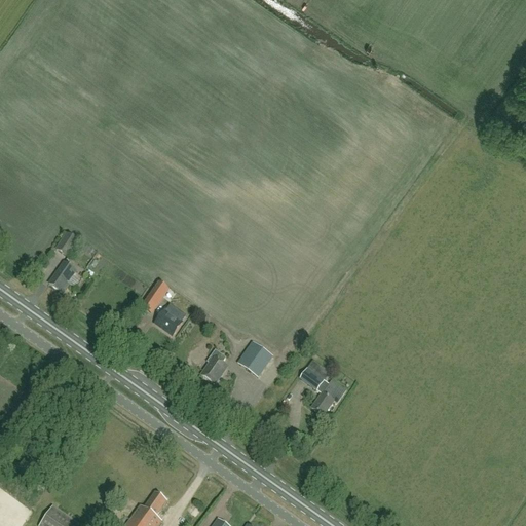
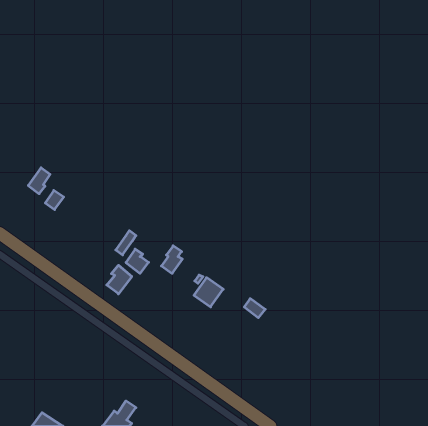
building: [48,261,75,293] -> [28,168,50,194]
building: none -> [107,265,132,294]
building: [200,349,226,383] -> [161,246,182,273]
building: [311,379,345,414] -> none

